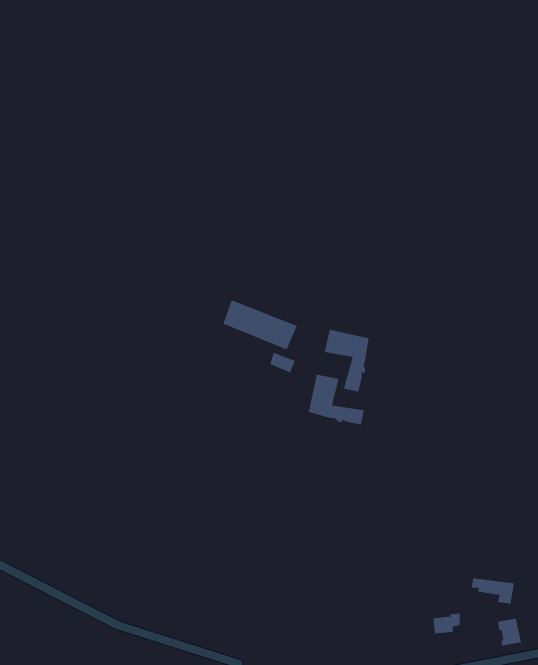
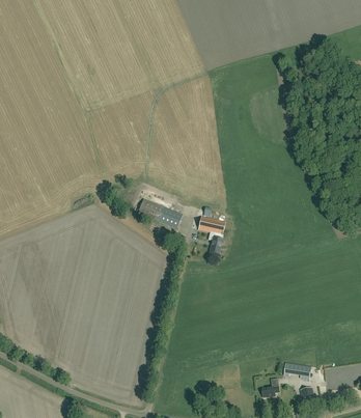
building: [308,374,364,425] -> none

